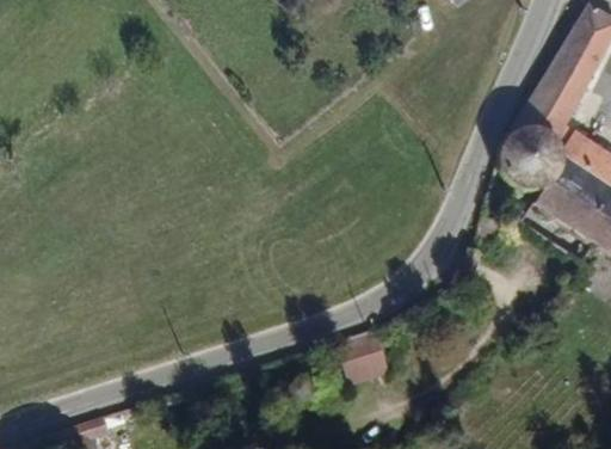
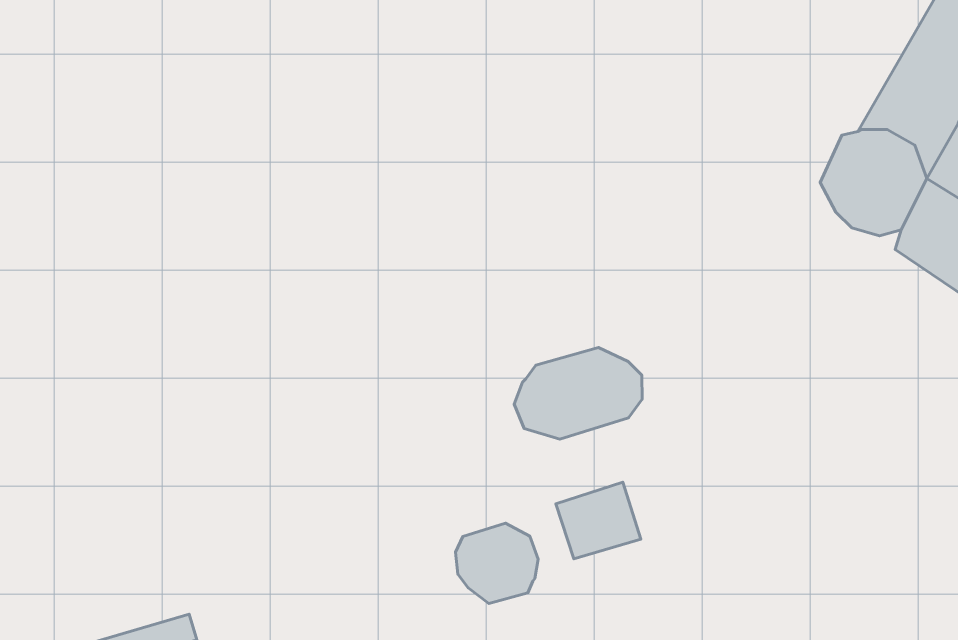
building: none -> [514,347,642,439]
building: none -> [455,523,538,603]

